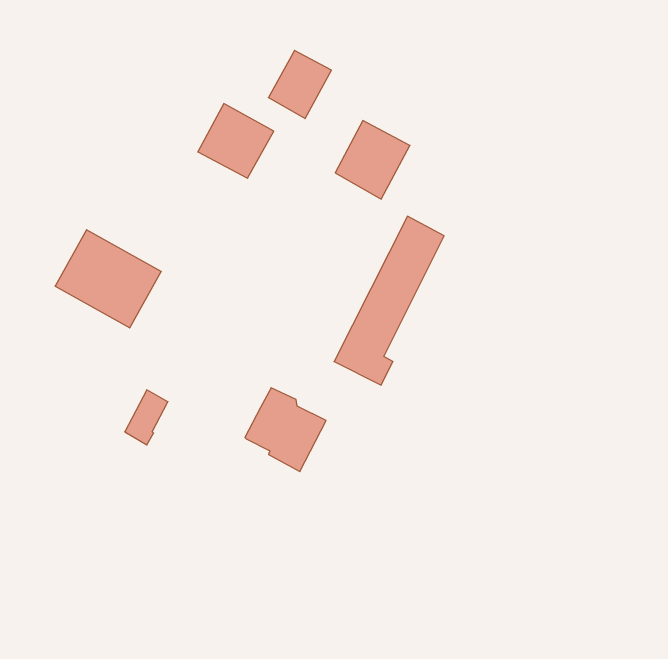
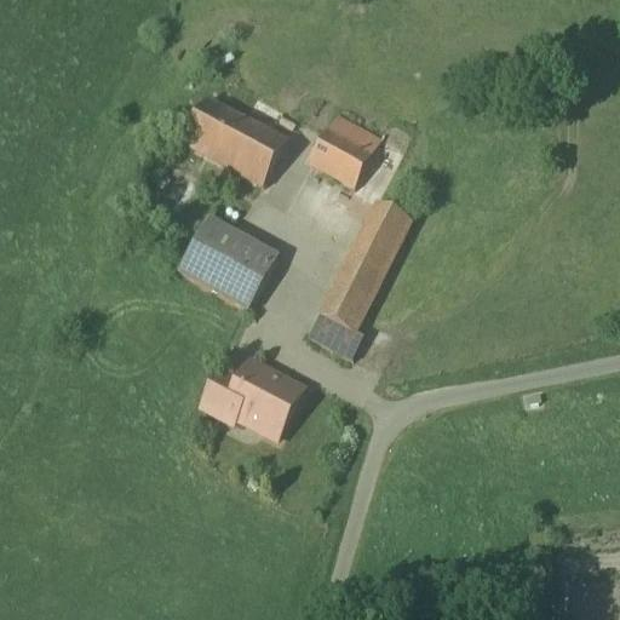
building: [268,50,331,119] -> [229,121,287,184]
building: [55,230,161,328] -> [179,217,277,308]
building: [125,390,168,445] -> [201,366,241,417]

